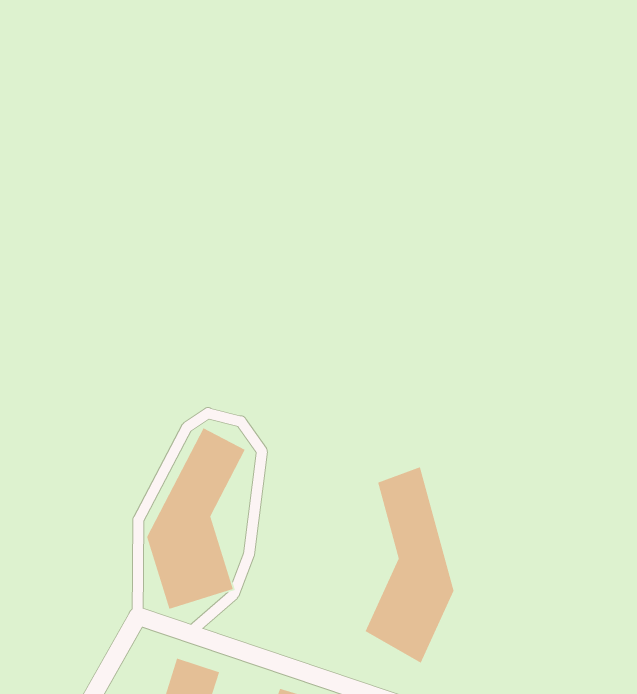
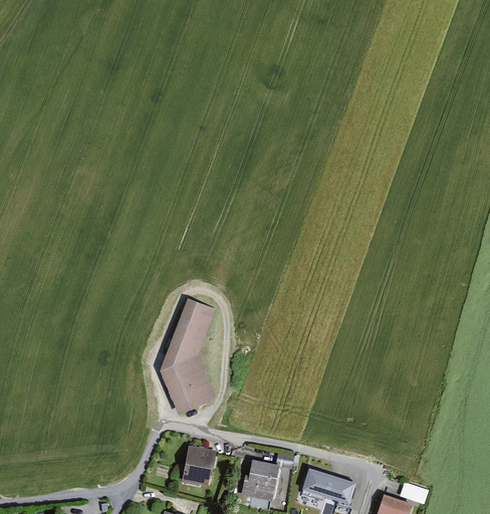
building: [365,466,454,664] -> none

